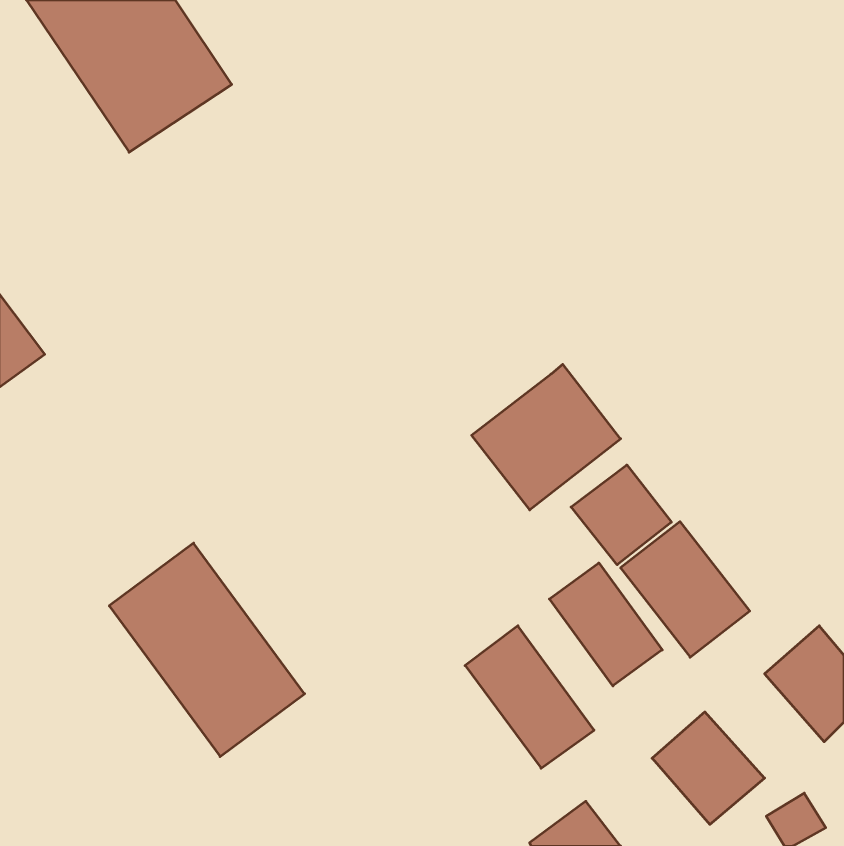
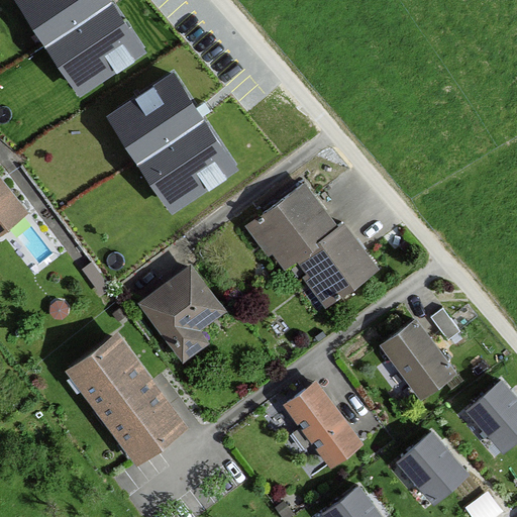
building: none -> [108,75,235,212]
building: none -> [242,183,336,274]
building: none -> [135,263,227,366]
building: [571,465,671,565] -> none
building: [549,563,662,686] -> none

